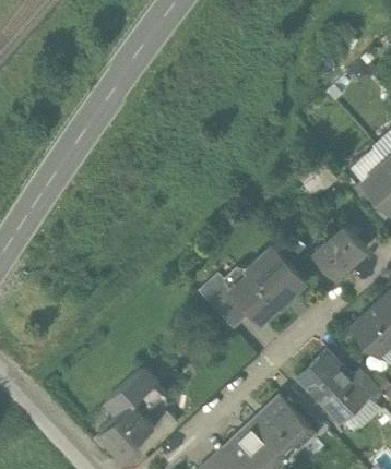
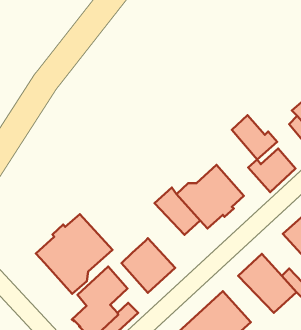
building: none -> [232,115,277,160]
building: none -> [36,214,112,294]
building: none -> [122,238,175,293]

